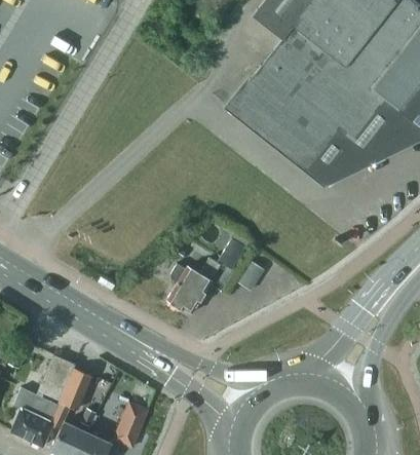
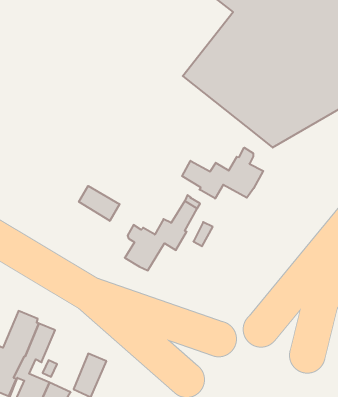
building: none -> [182,148,263,199]
building: none -> [79,186,120,221]

